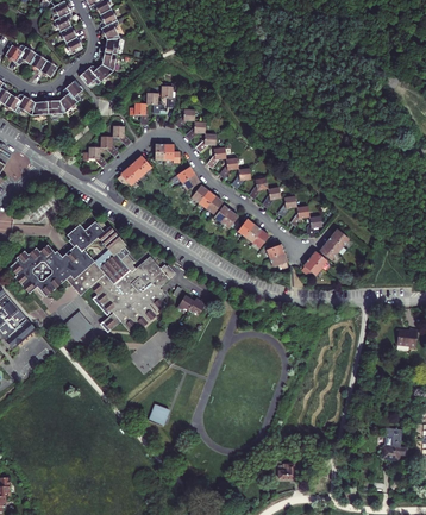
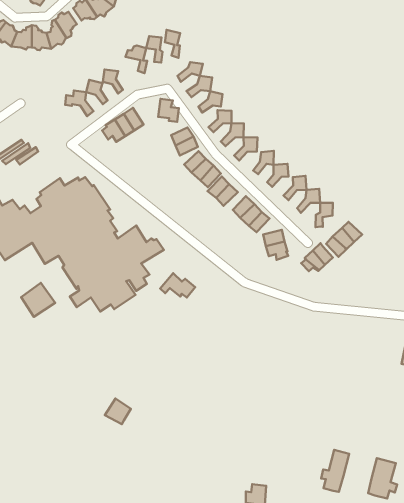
building: none -> [321,450,349,492]

